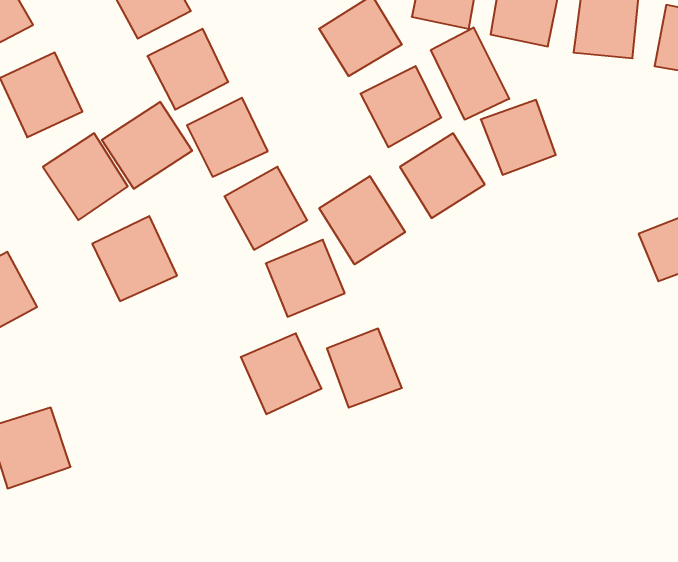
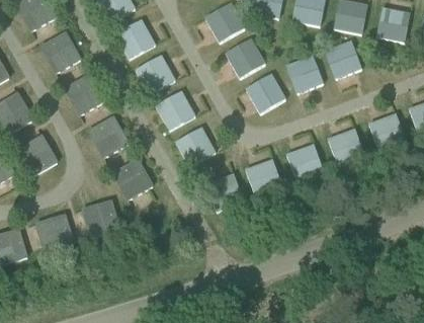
building: [431,27,509,120] -> none
building: none -> [325,41,363,79]
building: [102,102,192,189] -> none
building: [319,176,405,264] -> none
building: none -> [327,128,366,167]
building: none -> [287,145,323,179]
building: none -> [244,159,283,198]
building: [241,333,322,414] -> [112,158,154,199]
building: none -> [81,198,122,239]

